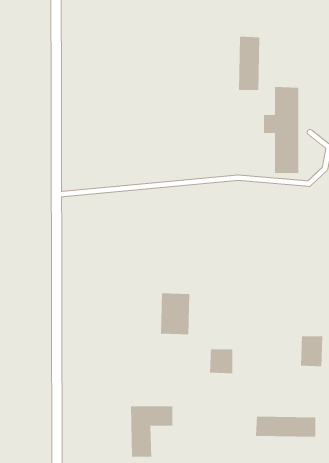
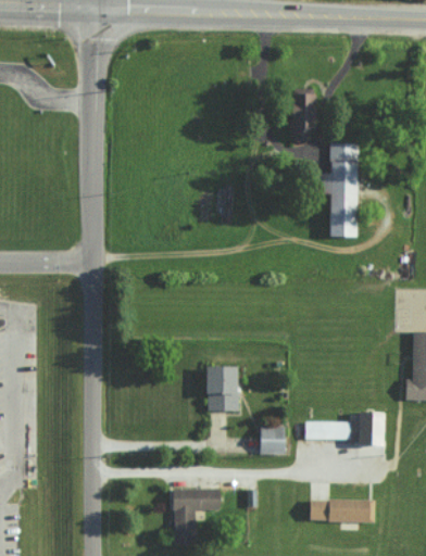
building: none -> [305,421,351,440]

